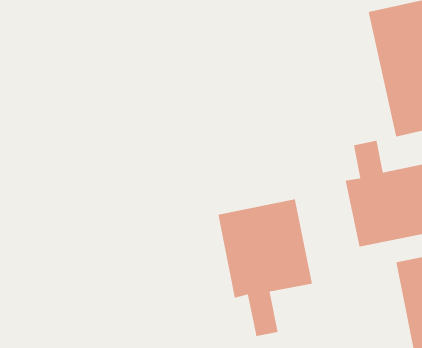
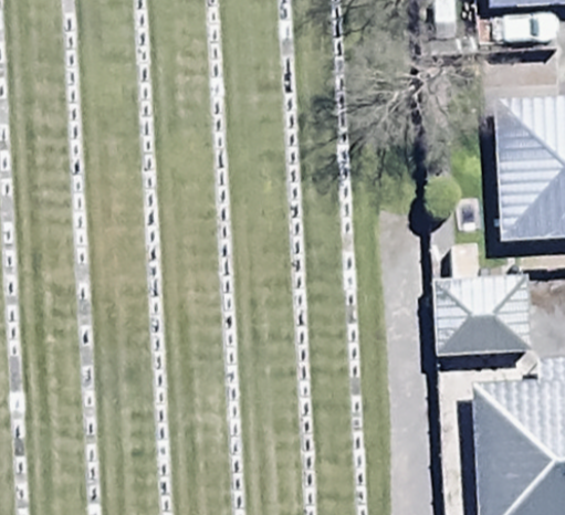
building: [218,199,313,337] -> none

